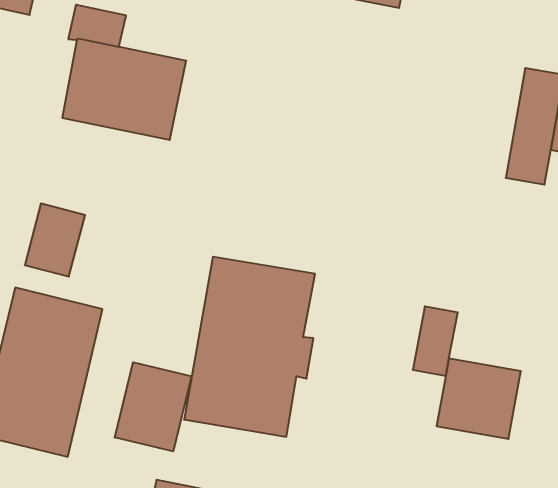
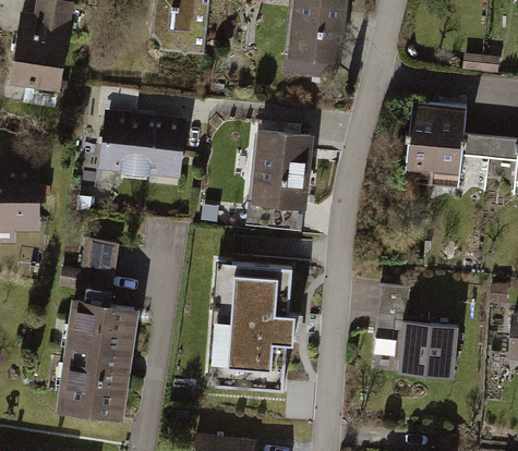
building: none -> [402,98,437,183]
building: none -> [249,131,311,210]
building: [115,362,192,451] -> none

